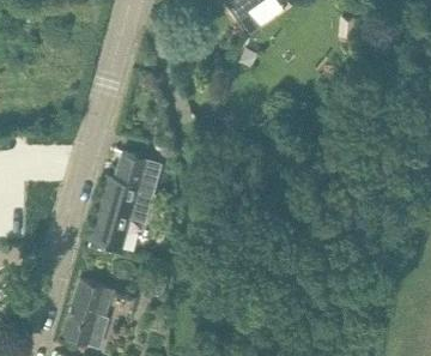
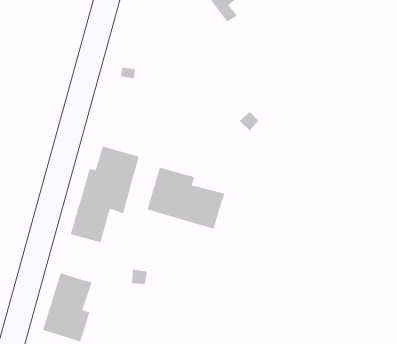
building: none -> [147,167,225,229]

